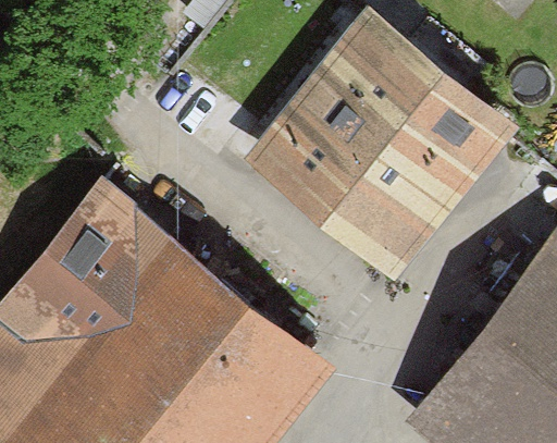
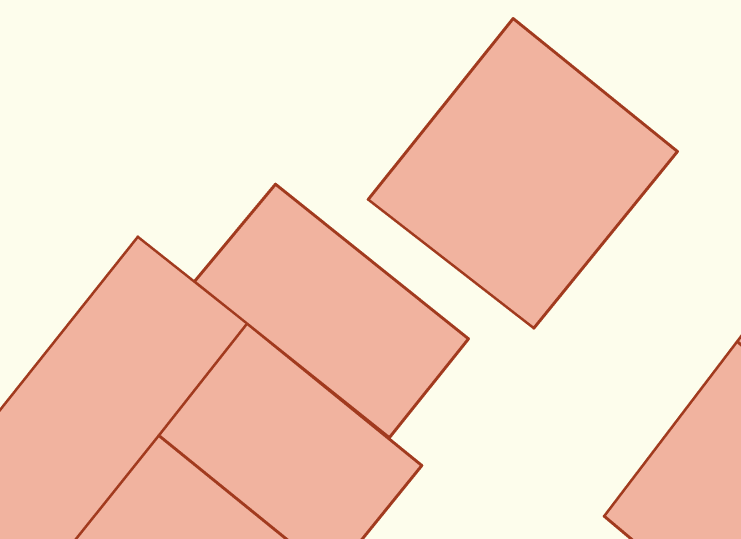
building: none -> [194,184,469,438]

